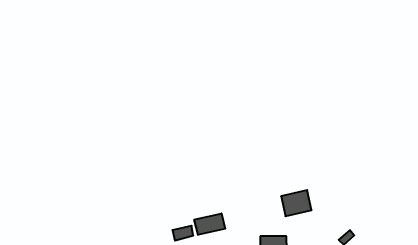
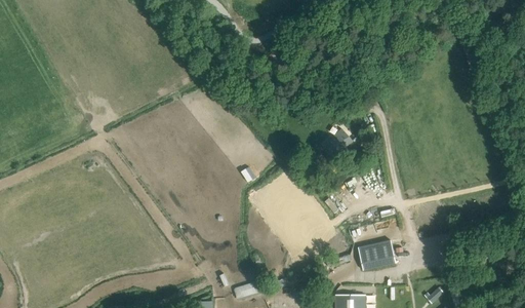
building: none -> [321,128,353,159]
building: [194,213,225,235] -> none

